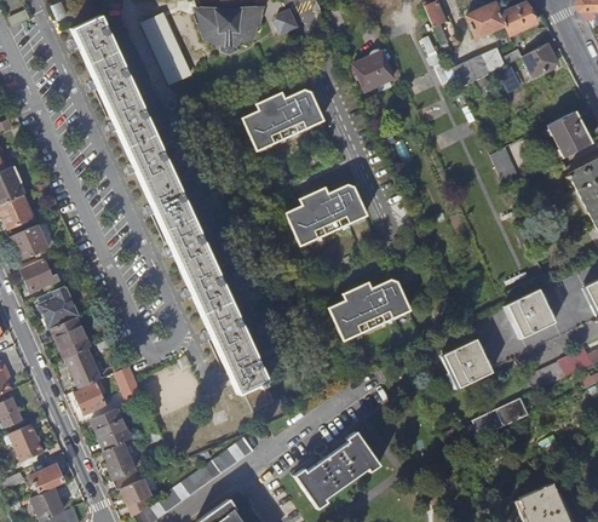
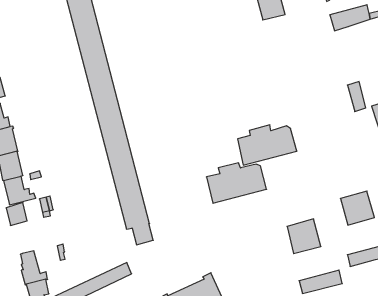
building: [245,91,326,151] -> none
building: [287,183,367,243] -> [238,125,297,165]
building: [93,407,131,448] -> none

